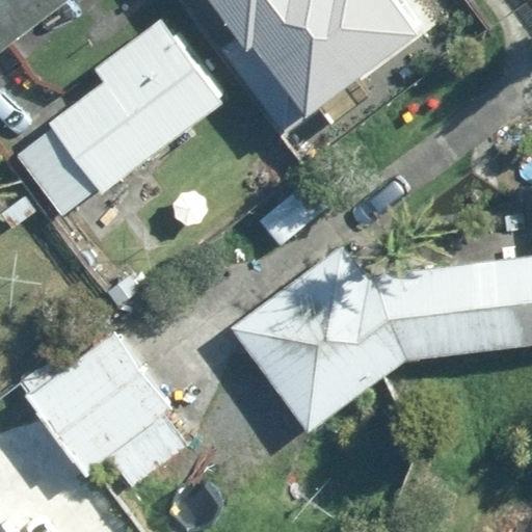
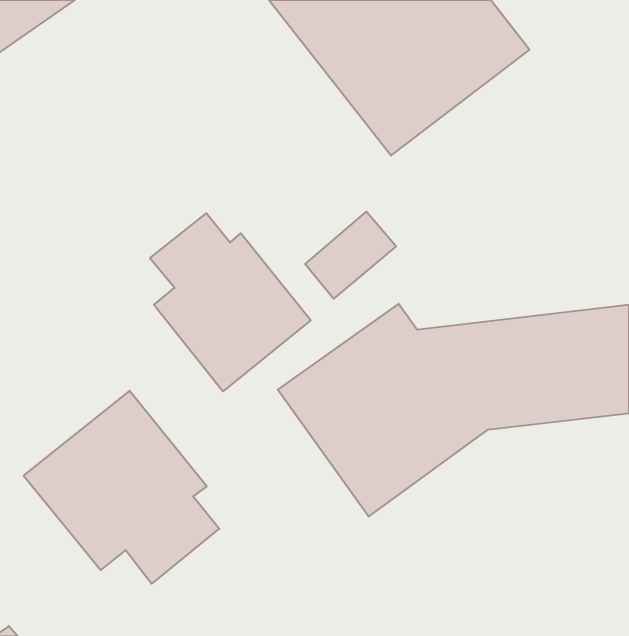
building: [14,21,220,215] -> none
building: none -> [150,213,311,391]

